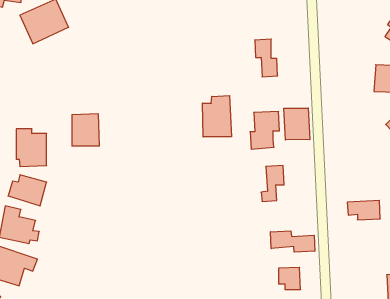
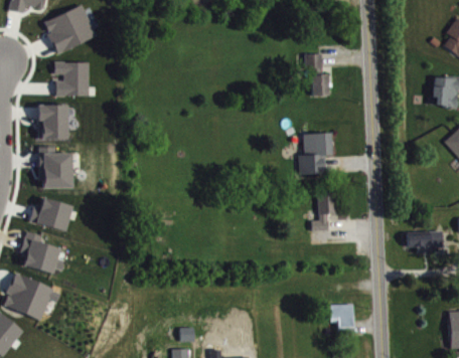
building: none -> [55,63,91,98]
building: [203,96,231,137] -> none
building: [284,108,310,140] -> none
building: [72,114,99,146] -> [39,106,69,141]
building: [271,231,315,252] -> none

